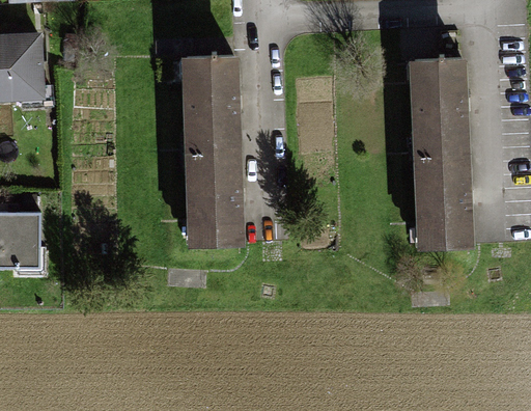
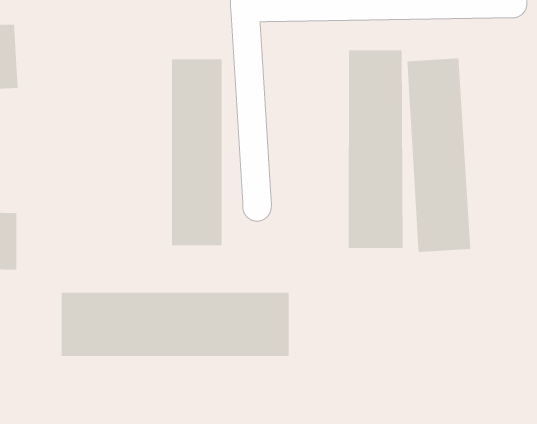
building: none -> [348,49,403,249]
building: none -> [61,292,289,357]

